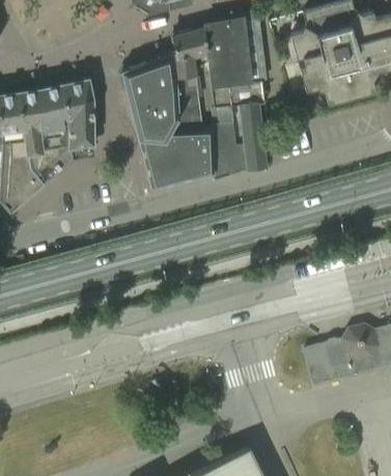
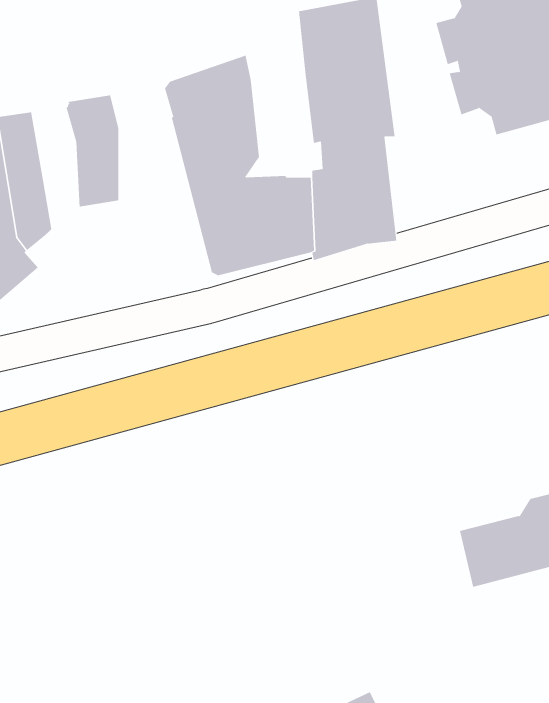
building: [171,25,208,128] -> none
building: [39,84,68,160] -> none

